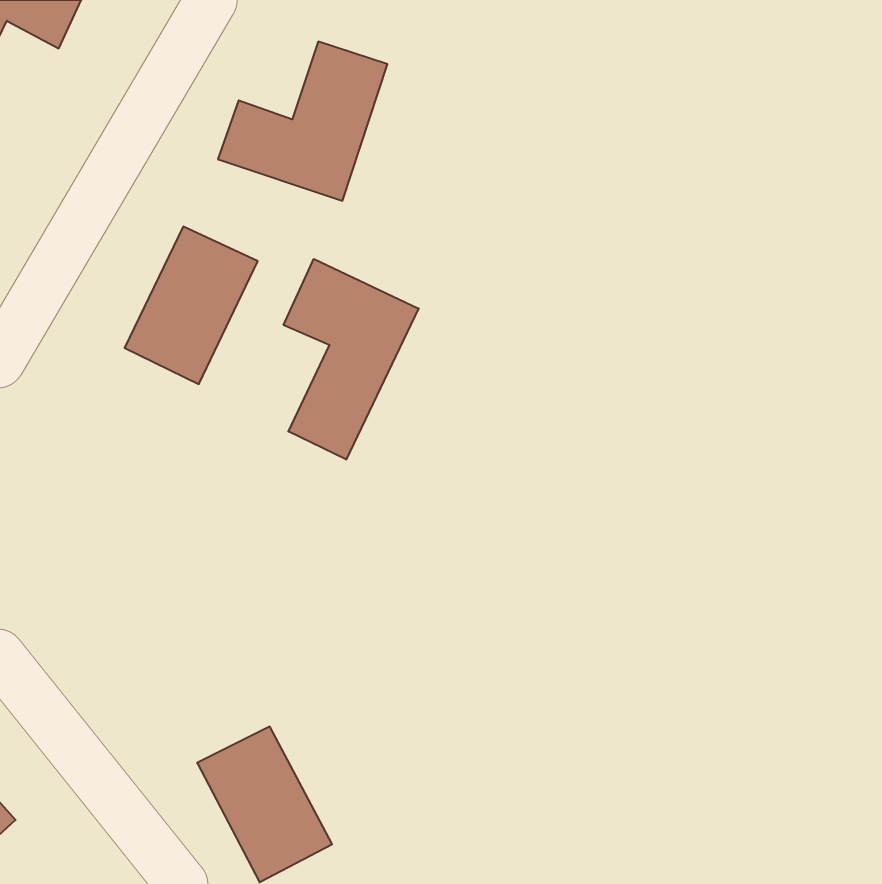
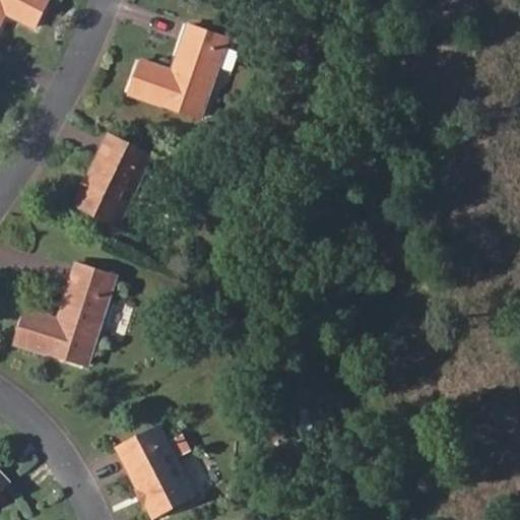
building: [284,259,419,460] -> none
building: none -> [14,262,115,366]

